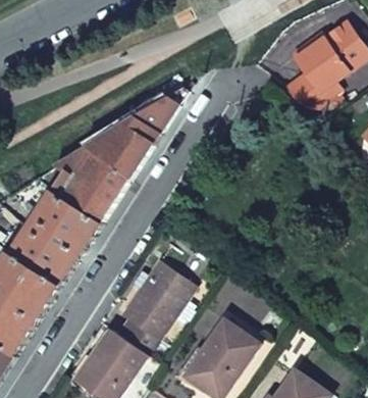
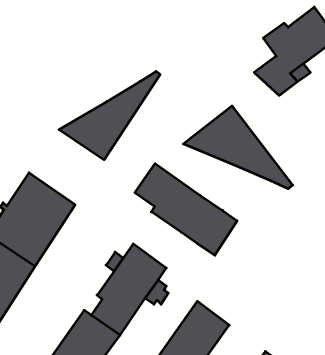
building: none -> [183,106,293,189]
building: [54,145,130,221] -> none
building: none -> [135,164,237,255]

